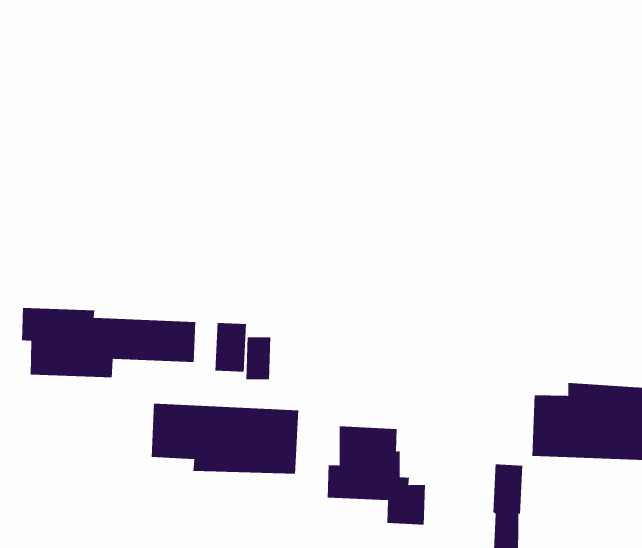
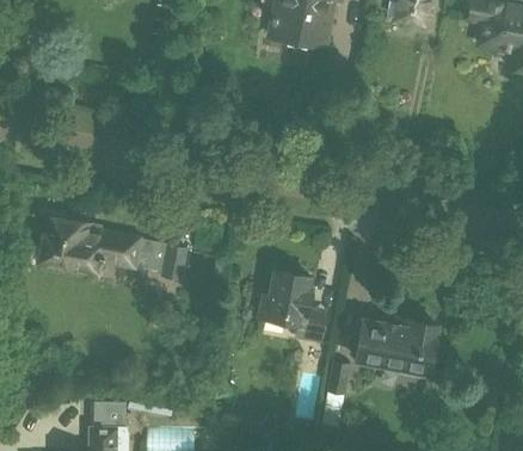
building: [151,403,299,474] -> none
building: [327,426,426,525] -> [259,270,324,341]

